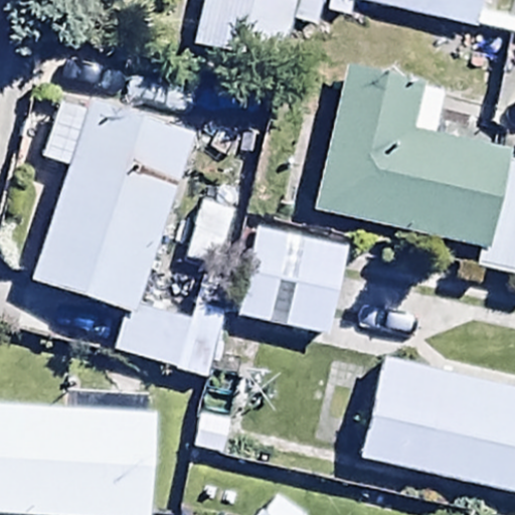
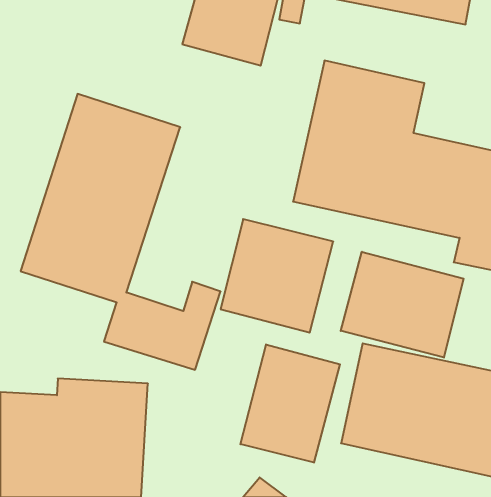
building: none -> [341,252,464,358]
building: none -> [240,344,340,463]

